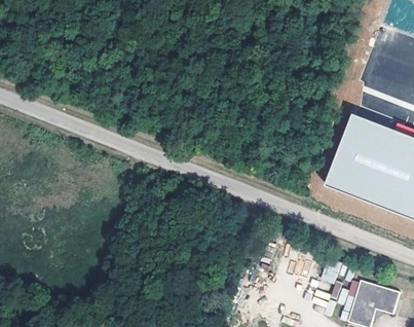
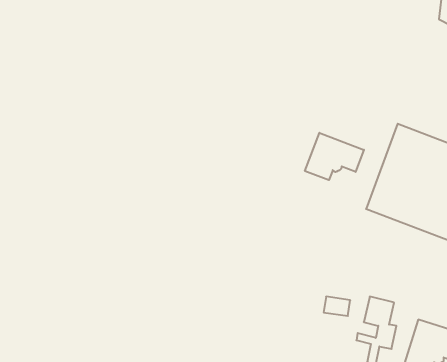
building: none -> [305,133,364,180]

